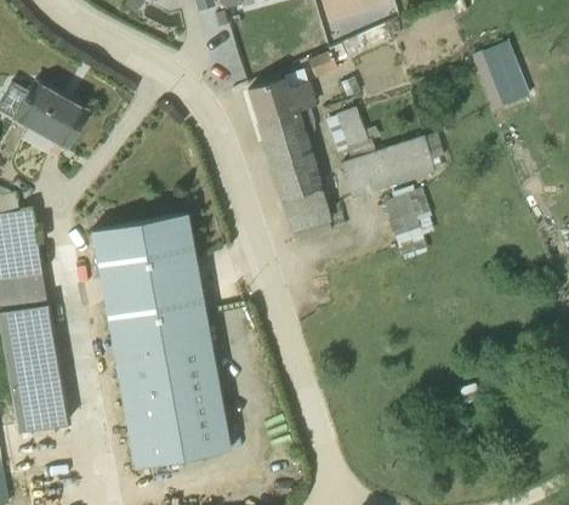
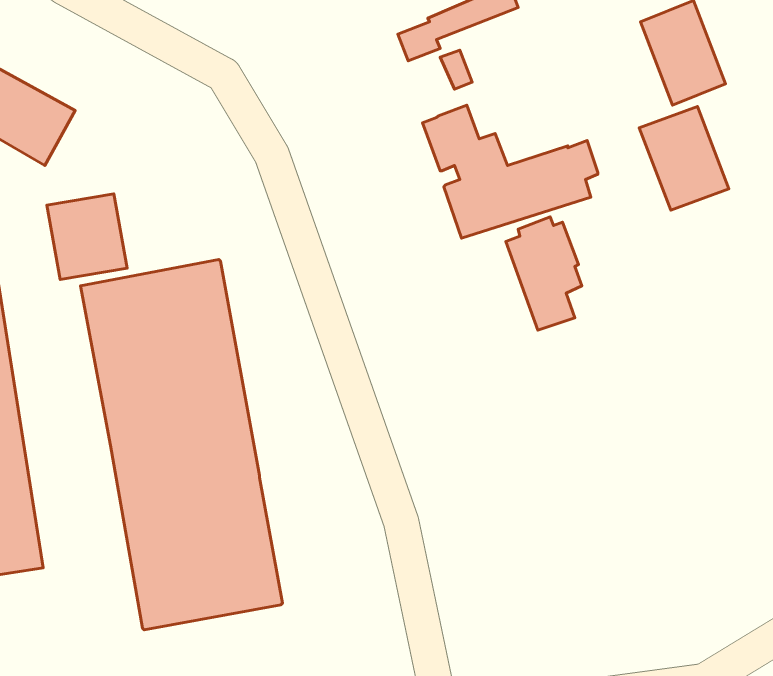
building: [249,69,346,242] -> none
building: none -> [639,107,729,210]
building: none -> [47,194,127,280]

